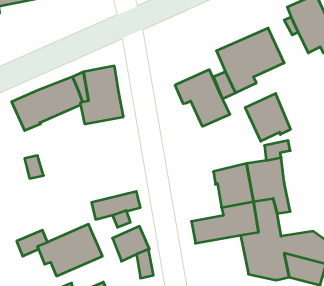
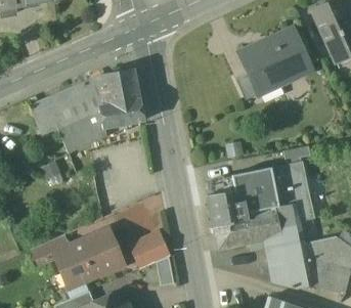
building: [175,70,230,126] -> none
building: [245,93,290,141] -> none
building: none -> [57,108,105,151]
building: none -> [206,189,246,228]

